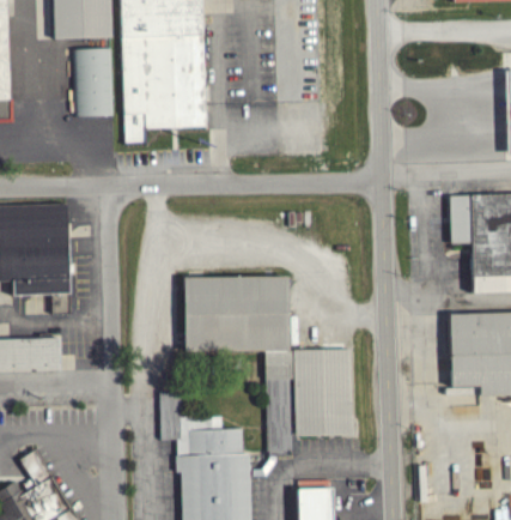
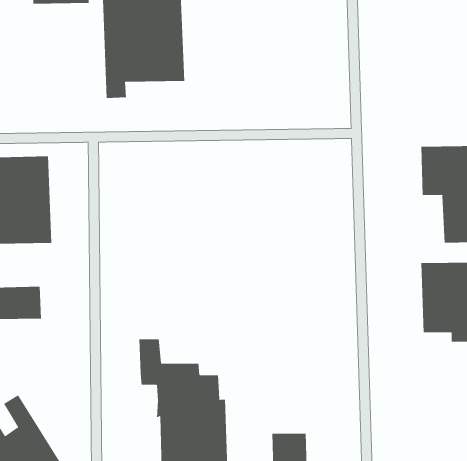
building: [72,56,112,125] -> none
building: [185,277,355,456] -> none

